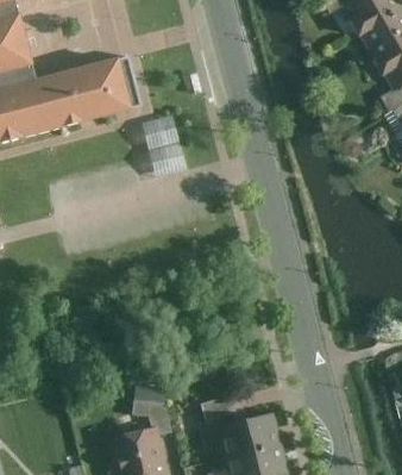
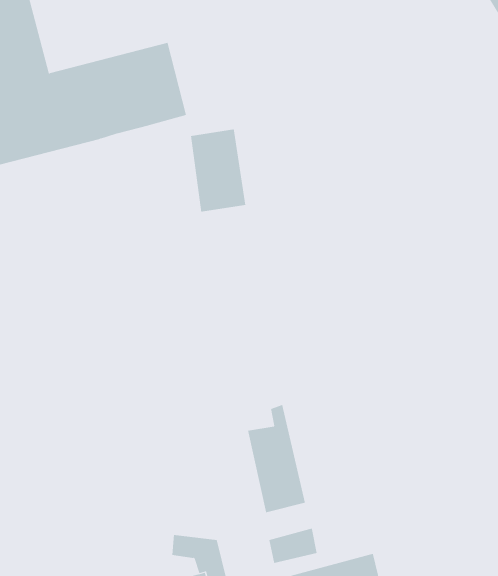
building: none -> [248,404,305,513]

